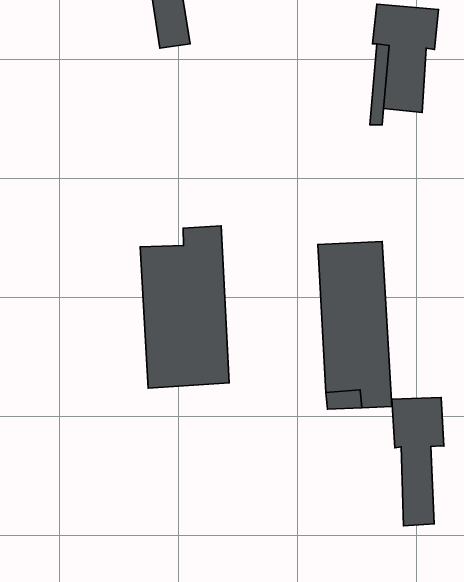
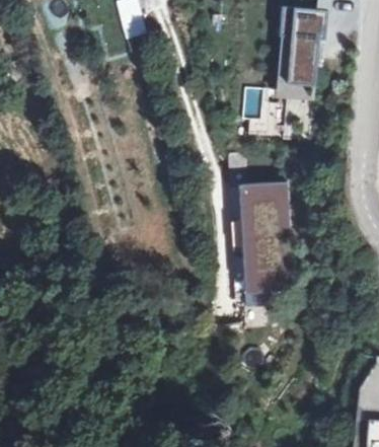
building: [140,226,229,388] -> none
building: [392,398,444,526] -> none

